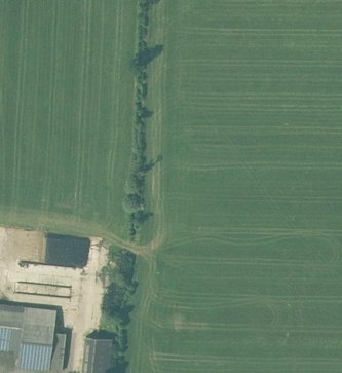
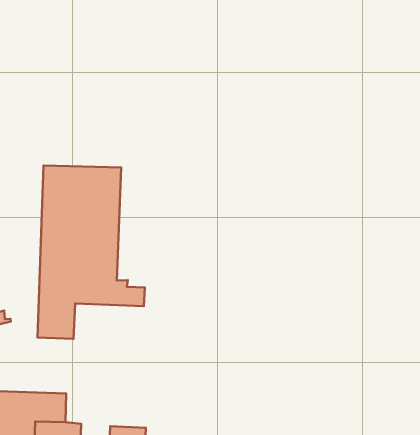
building: none -> [38,165,145,339]

